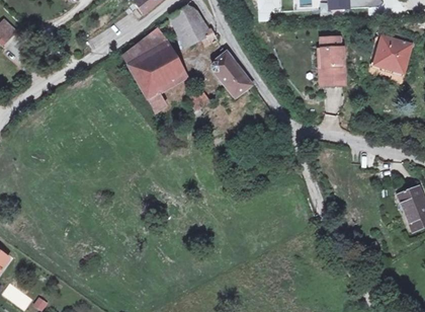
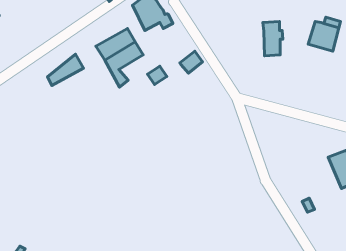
building: [123,28,165,65] -> [48,54,83,86]
building: [320,48,346,85] -> none
building: [212,51,243,84] -> none

